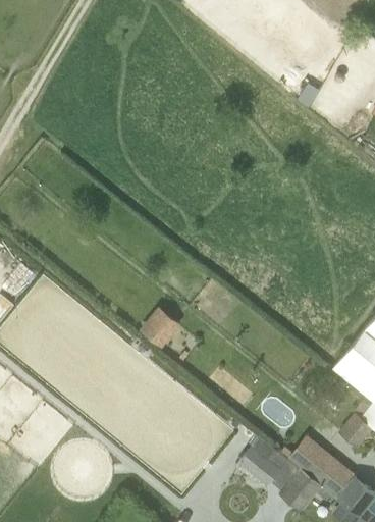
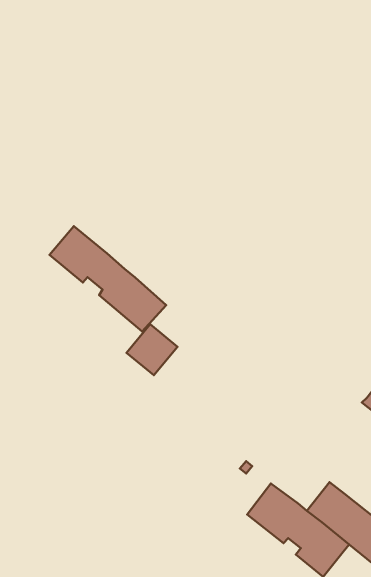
building: none -> [50,226,166,331]

